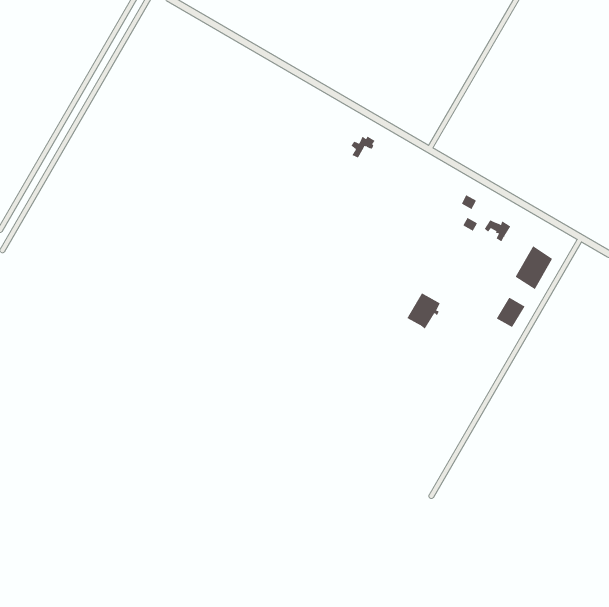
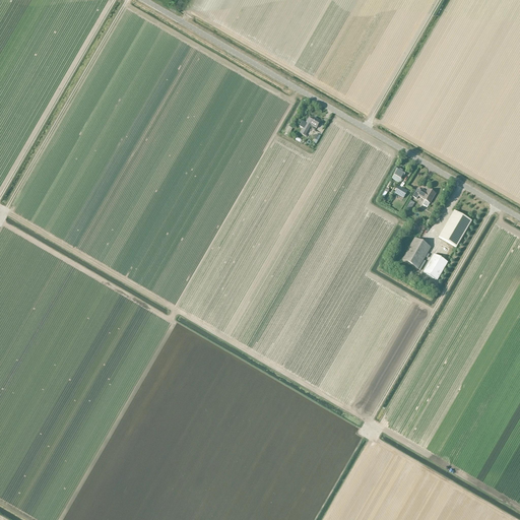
building: [406,292,441,329] -> [401,237,431,268]

